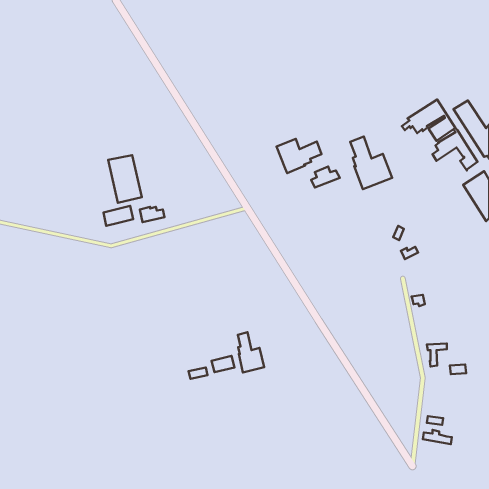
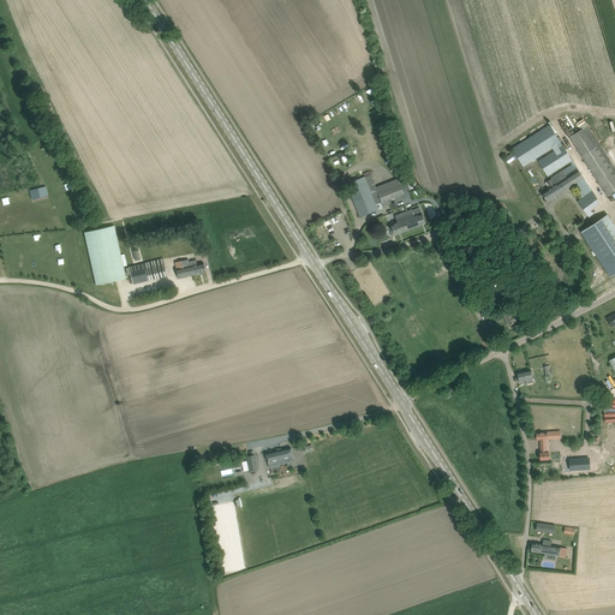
building: [350,136,392,189] -> none
building: [108,155,142,203] -> [84,226,126,286]
building: [238,332,264,372] -> none

